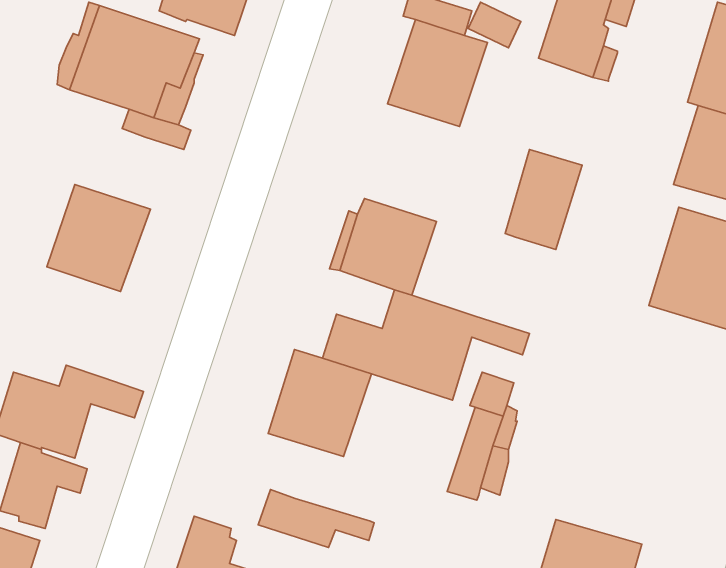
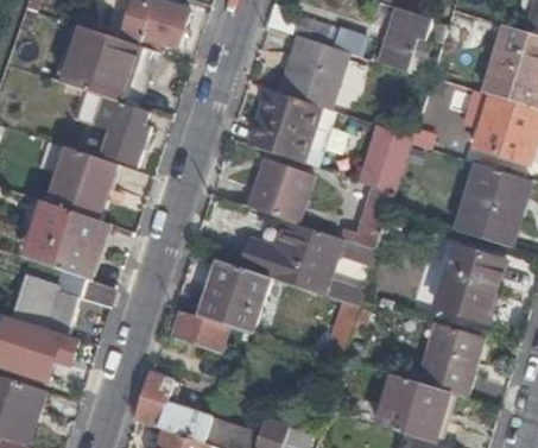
building: none -> [248,89,334,162]
building: none -> [101,115,147,165]
building: none -> [337,183,392,248]
building: none -> [25,202,103,278]
building: none -> [435,244,501,318]
building: none -> [417,321,482,396]
building: [258,490,374,547] -> [172,310,251,349]

